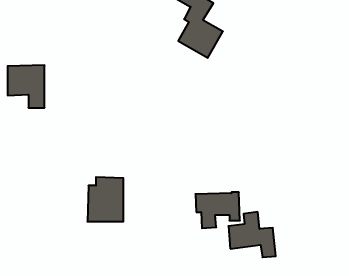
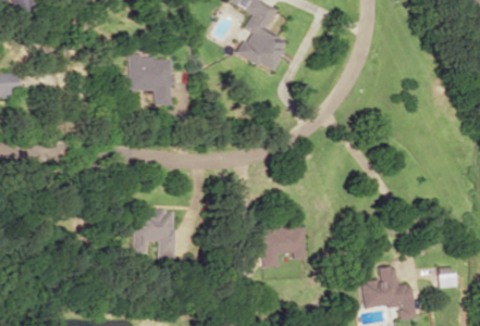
building: [8,65,45,108] -> [128,55,171,104]
building: [228,212,276,257] -> [362,265,417,317]

